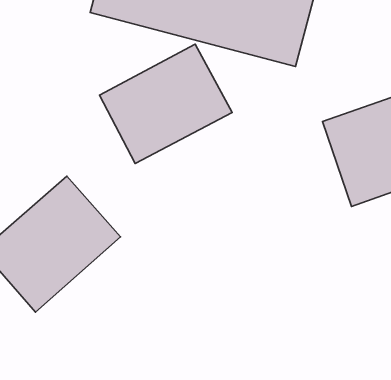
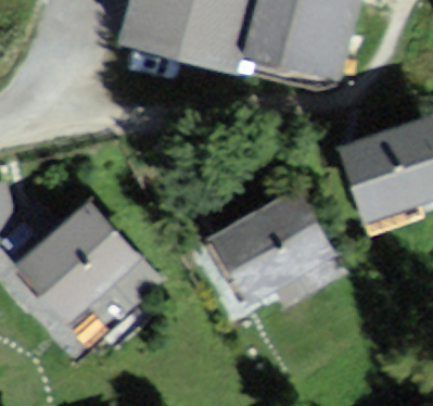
building: [99,44,232,163] -> none
building: none -> [221,185,344,300]

